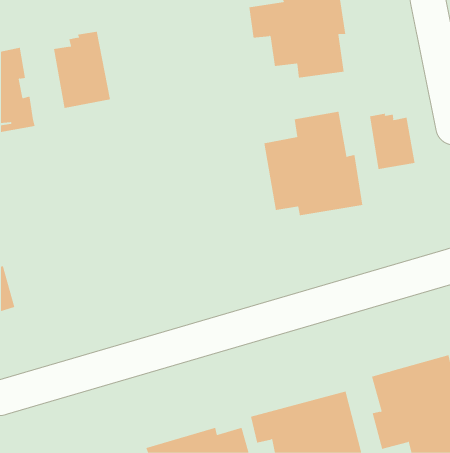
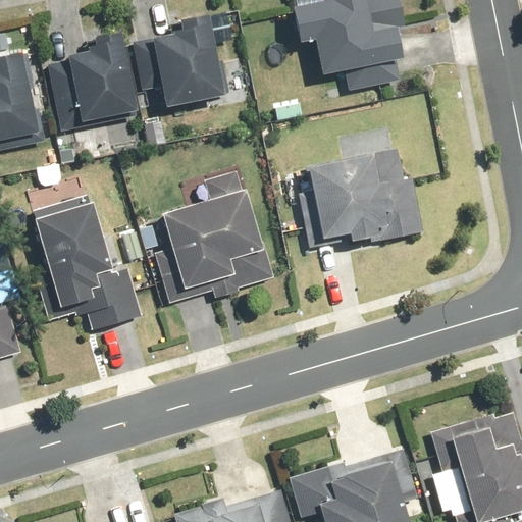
building: none -> [150,17,230,107]
building: [369,113,415,170] -> none
building: none -> [157,167,273,293]
building: none -> [34,202,144,321]

